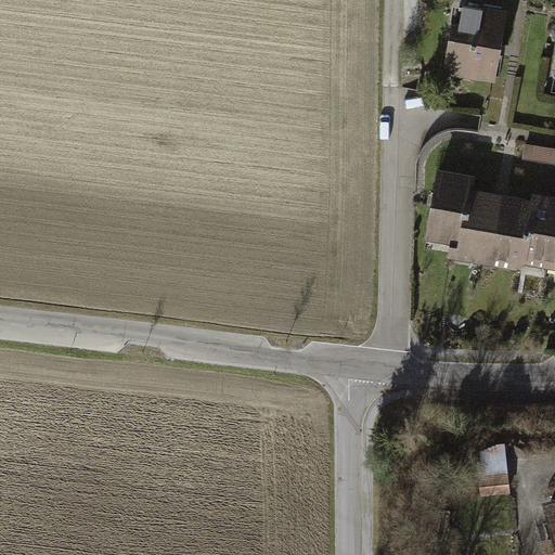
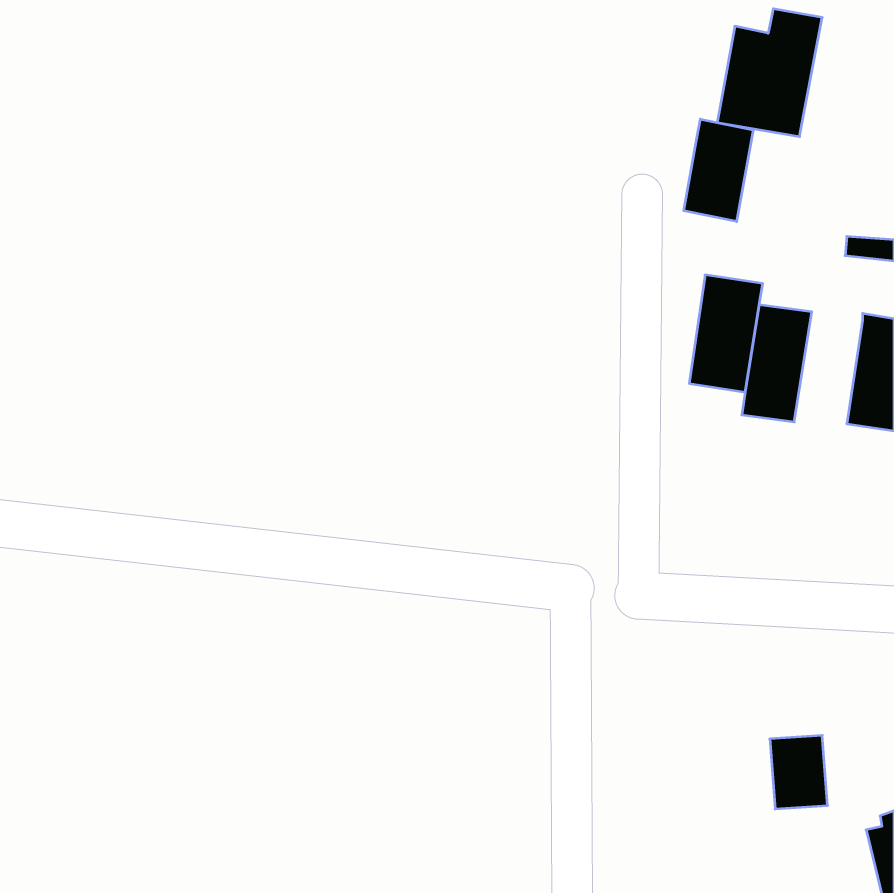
building: none -> [684,119,753,222]
building: [492,194,534,268] -> none

